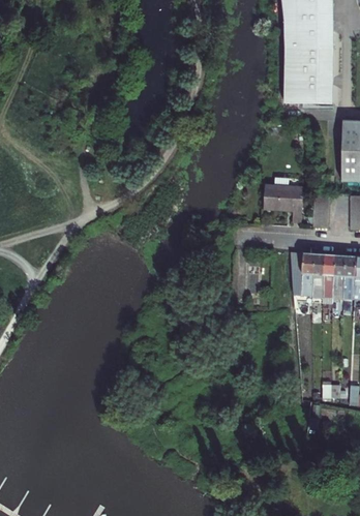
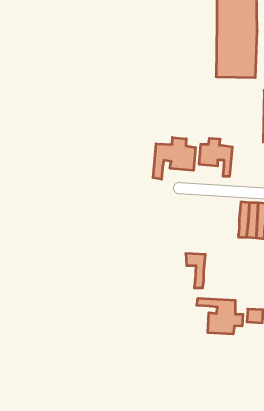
building: none -> [153,137,195,179]
building: [290,253,313,295] -> [186,254,205,288]
building: none -> [197,298,243,334]

